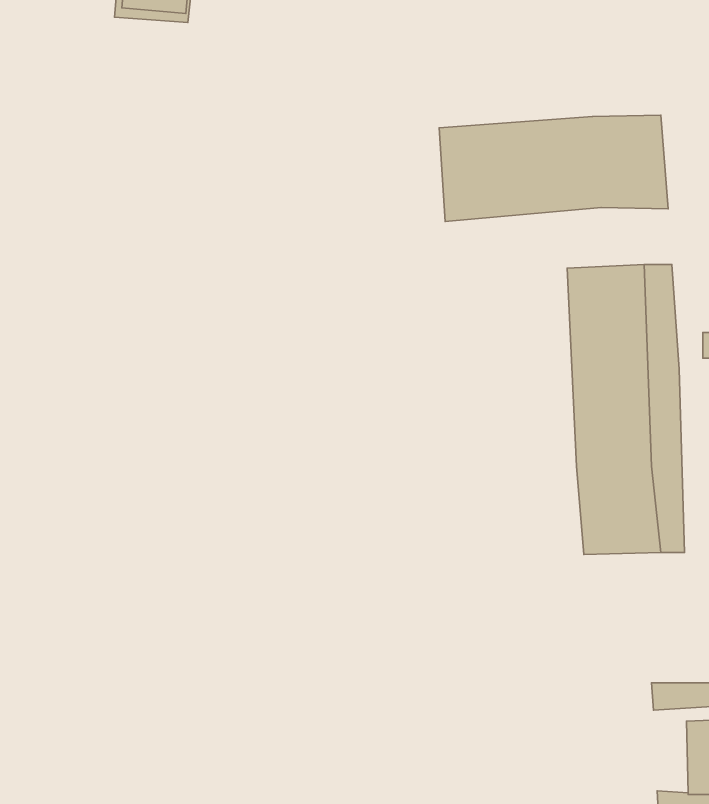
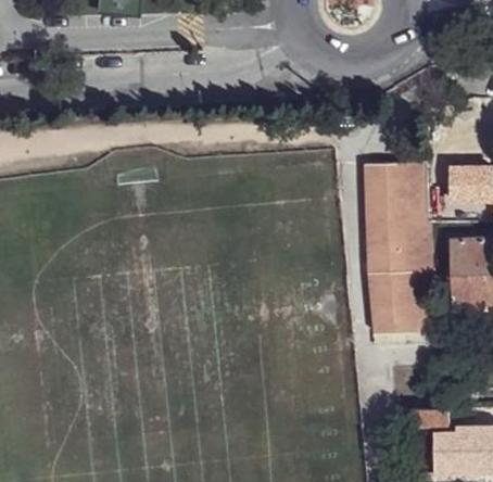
building: [439,115,668,221] -> none

